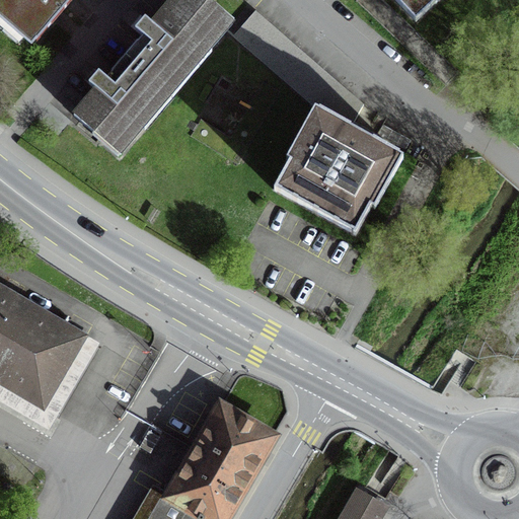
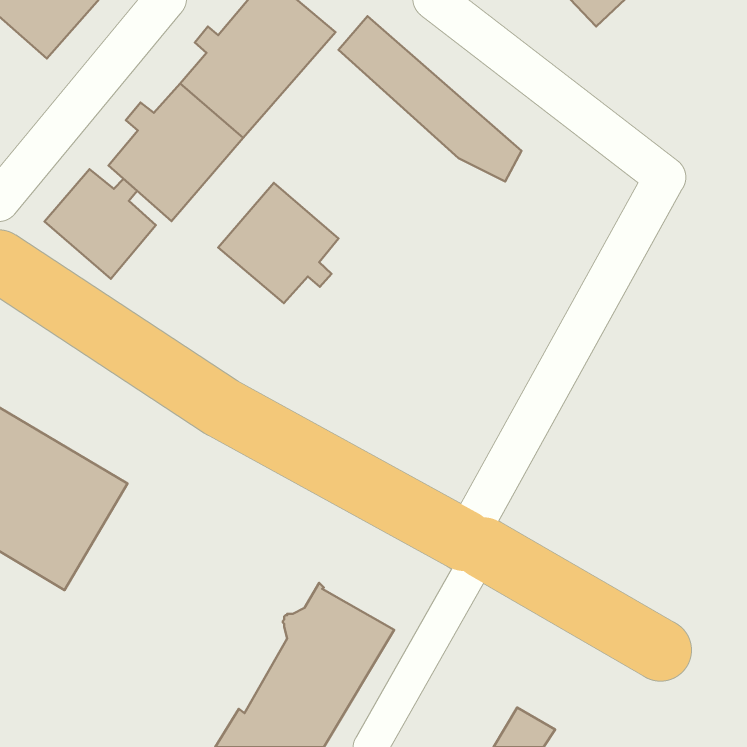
building: [274,109,398,233] -> none
building: none -> [44,169,156,279]
building: none -> [218,183,338,303]

